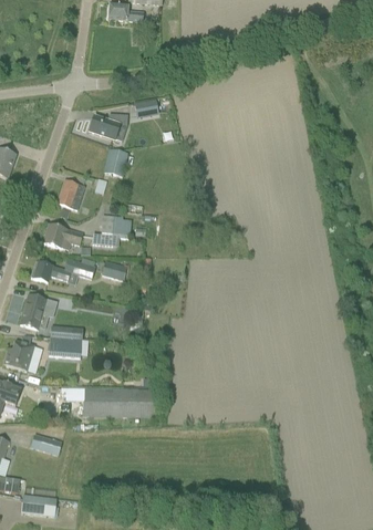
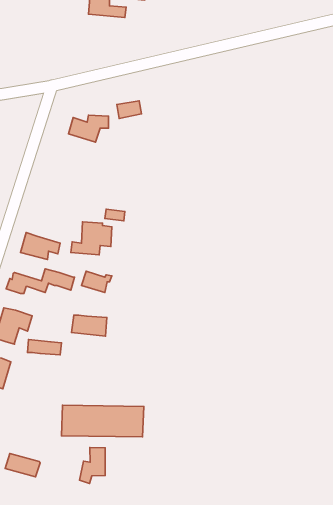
building: [104,147,128,175] -> none
building: [58,178,85,208] -> none
building: [49,336,82,356] -> [72,315,107,336]
building: none -> [79,448,105,484]

